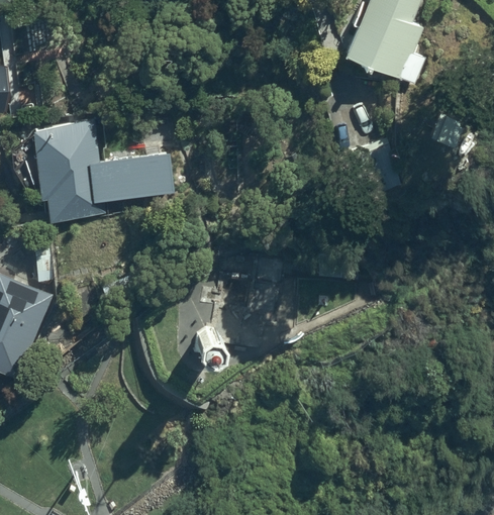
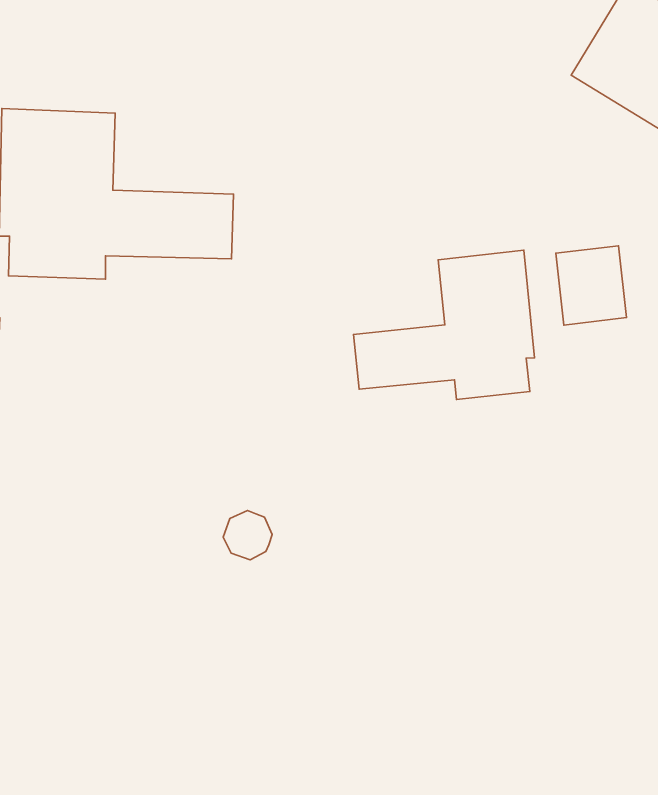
building: none -> [354,250,535,400]

